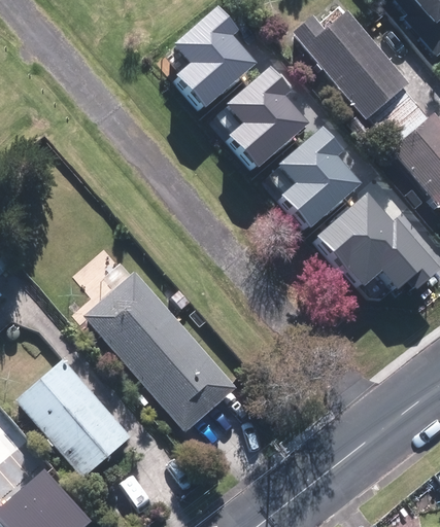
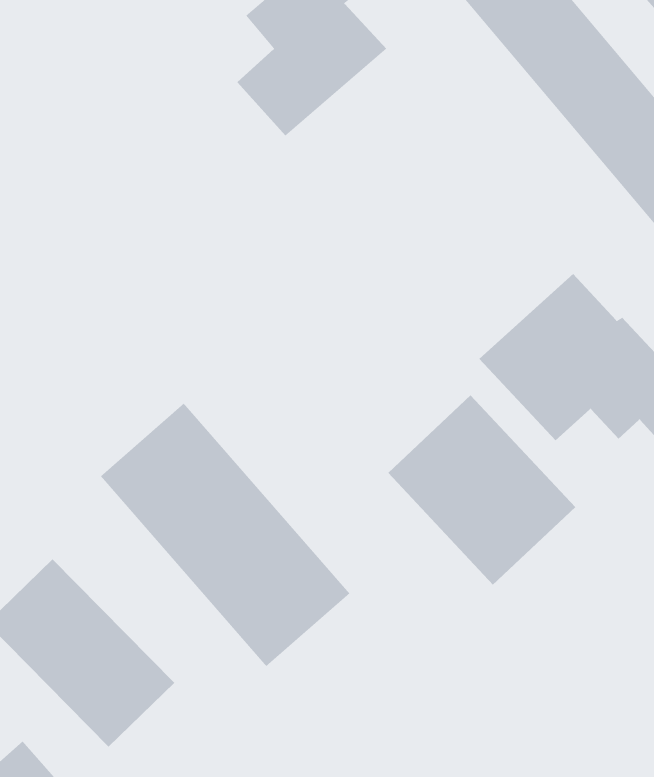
building: [218,67,307,176] -> none
building: [271,128,360,236] -> none
building: none -> [387,395,576,586]

